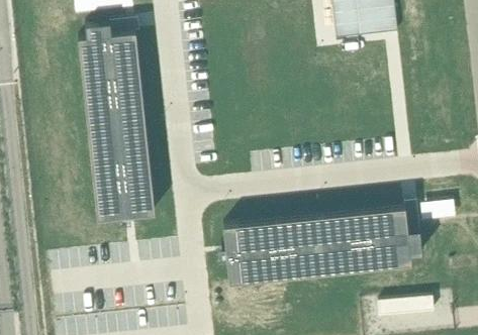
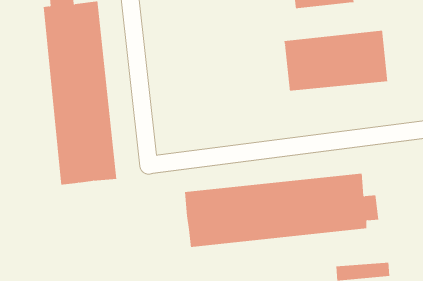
building: none -> [284,30,388,91]

